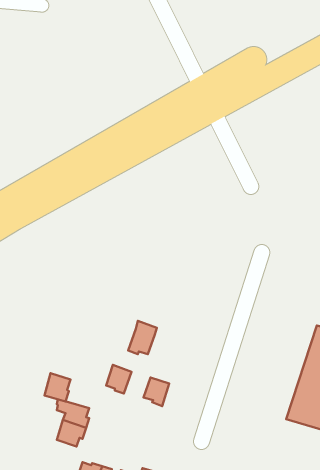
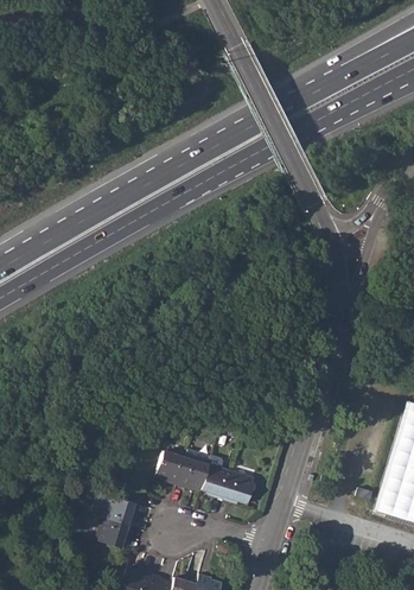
building: [128,321,157,354] -> [177,448,211,488]
building: [44,373,70,401] -> none
building: none -> [223,471,255,503]

